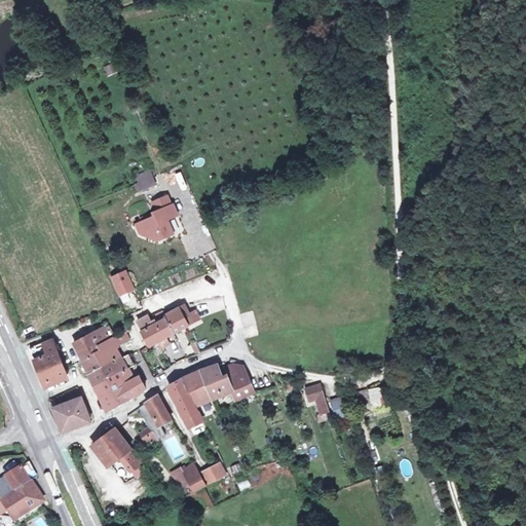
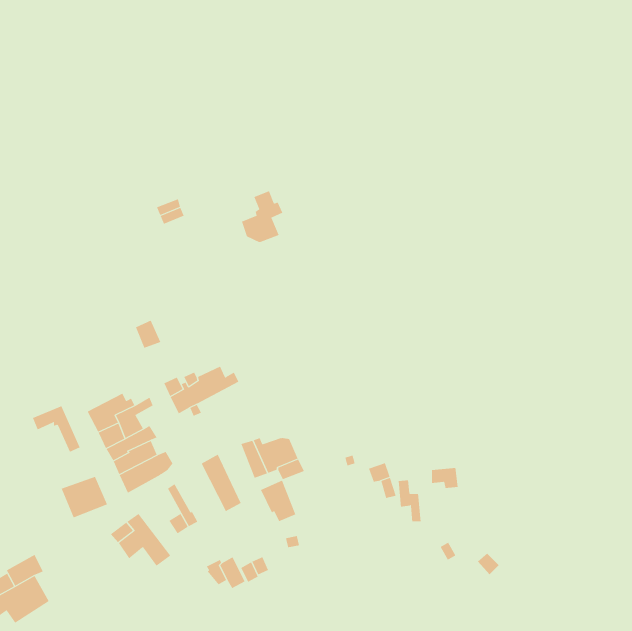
building: [141,194,176,237] -> [241,191,283,243]
building: [31,352,58,384] -> none
building: [181,370,211,405] -> [260,480,296,522]
building: [145,393,171,426] -> none

